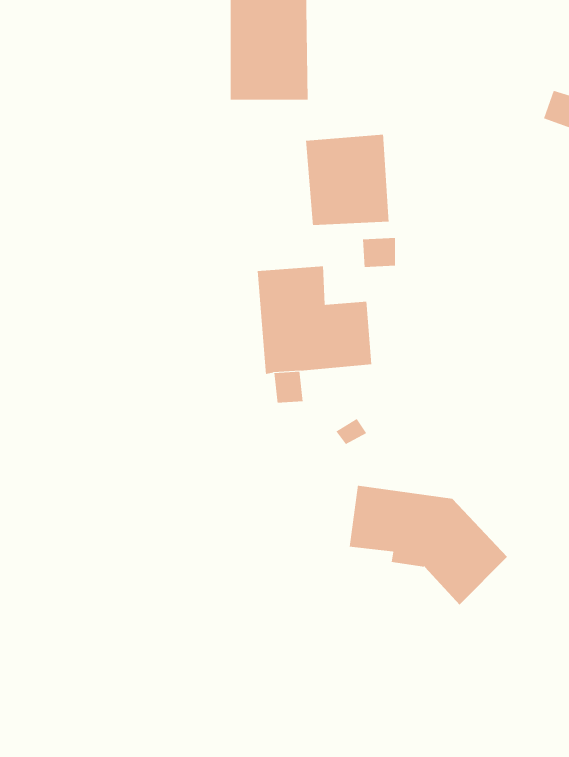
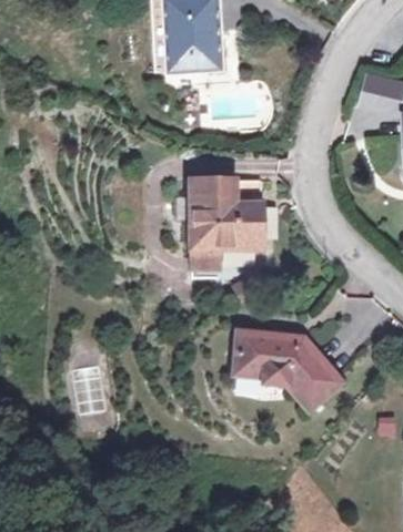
building: [306,134,389,226] -> none

